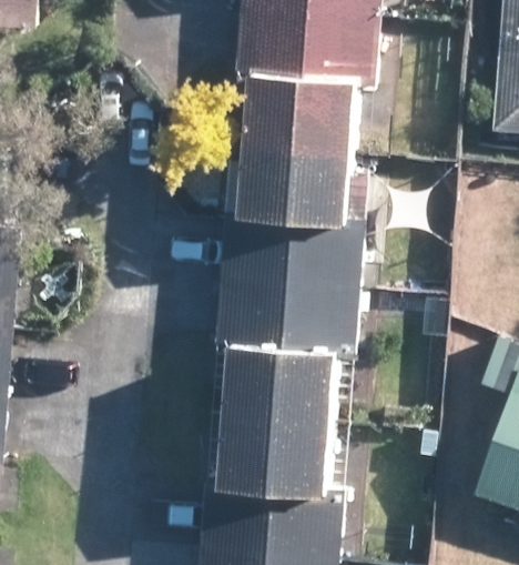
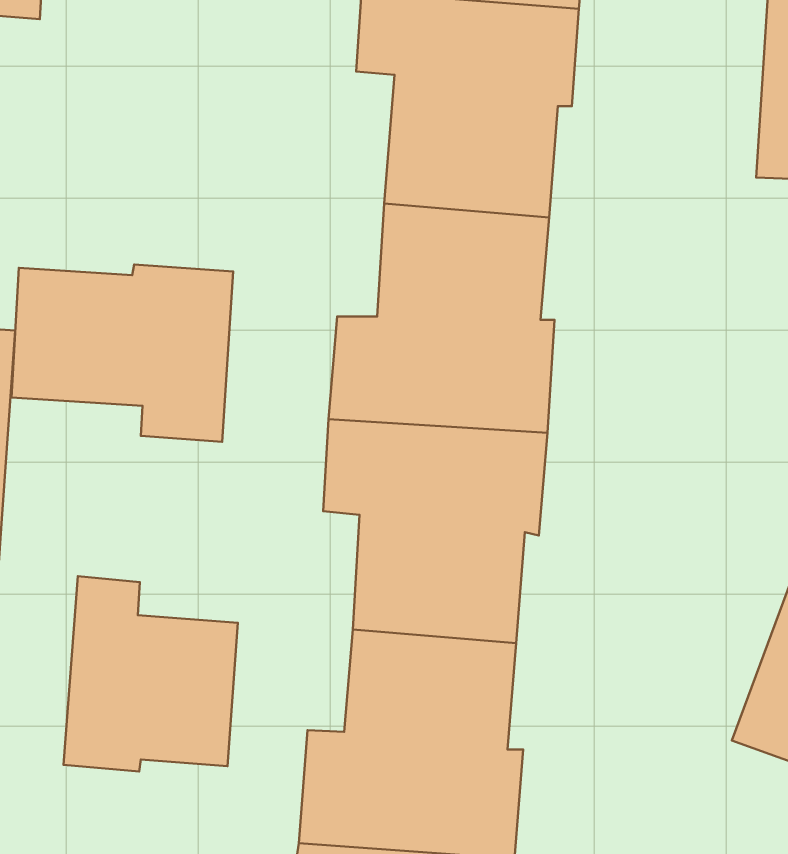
building: none -> [11,264,233,442]
building: none -> [63,576,238,771]

